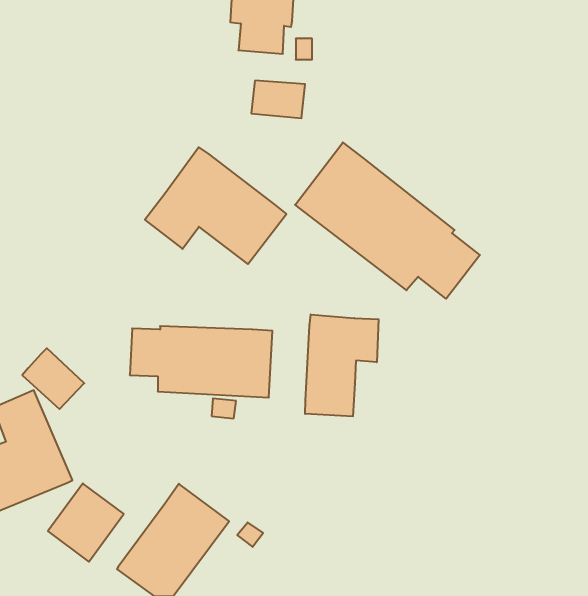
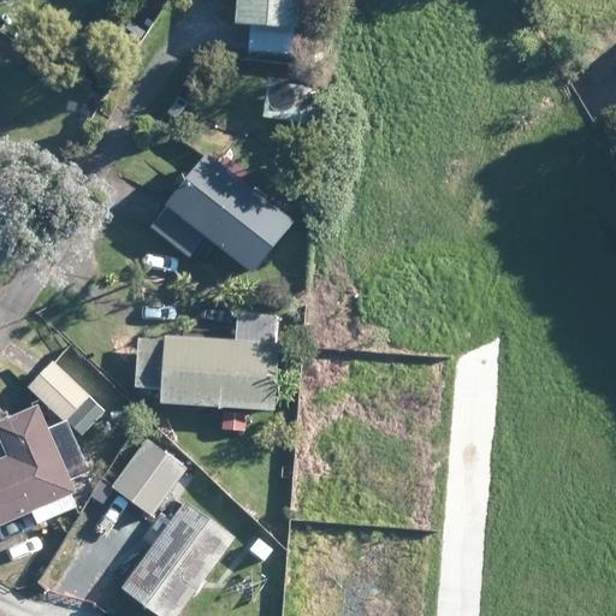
building: [295,142,480,299] -> none
building: [305,314,379,416] -> none
building: [48,483,124,562] -> [108,436,186,516]

